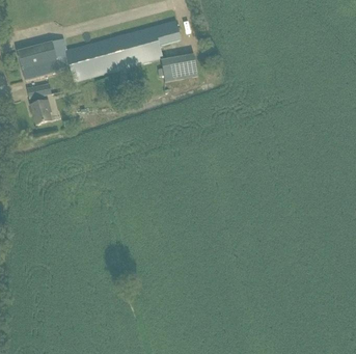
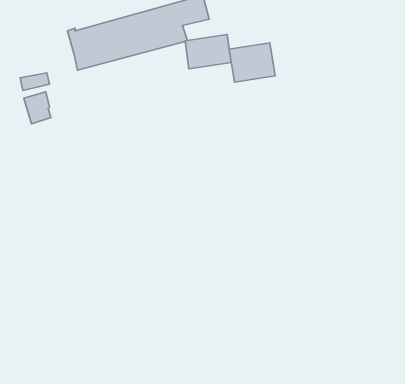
building: [17,38,70,80] -> none
building: none -> [229,43,275,82]

